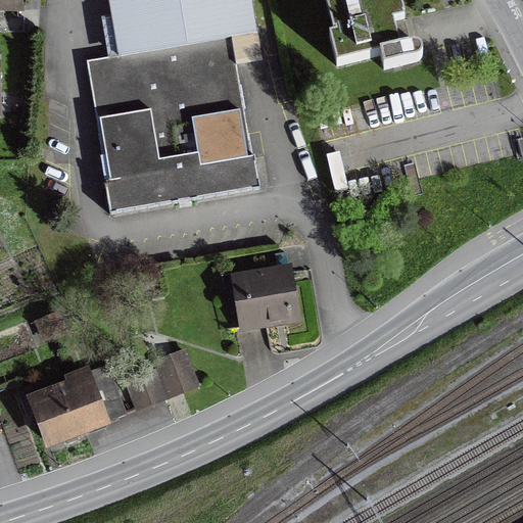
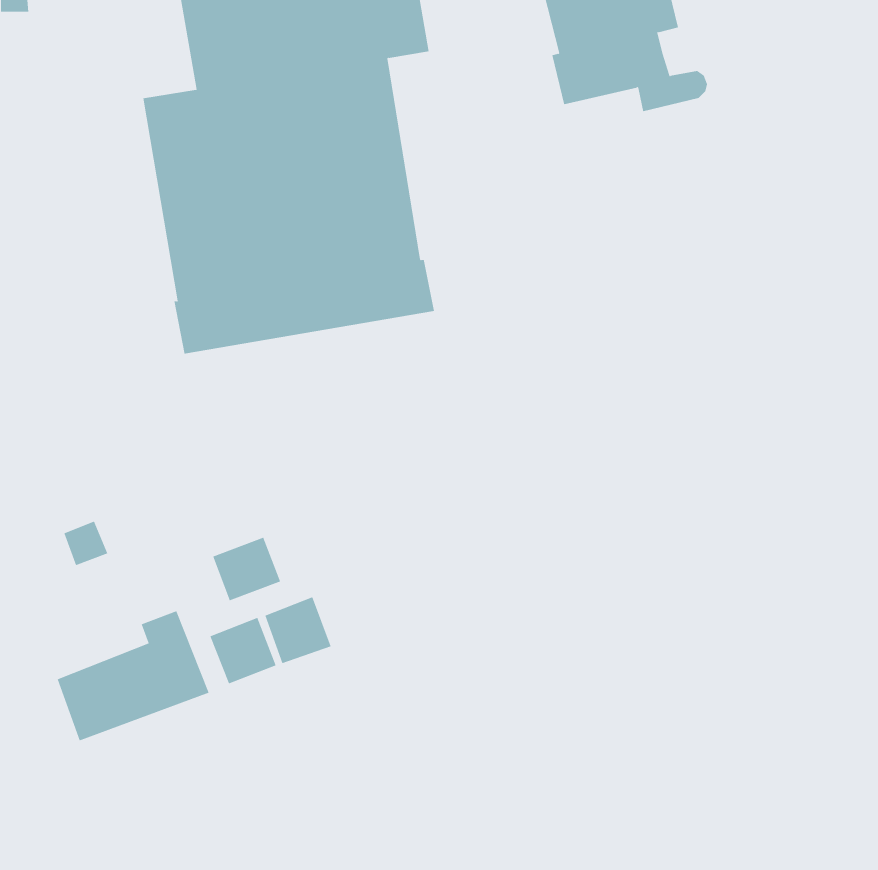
building: [238,267,292,324] -> none
building: none -> [213,537,281,601]

